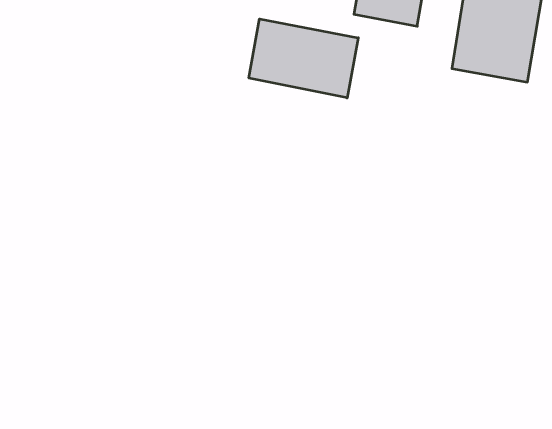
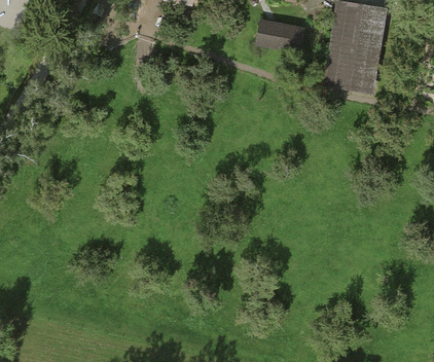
building: [249,19,358,98] -> none

